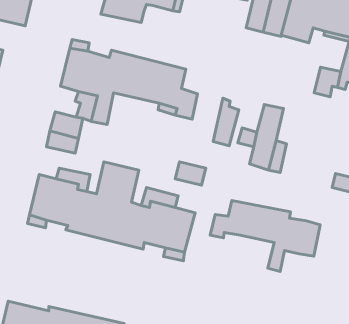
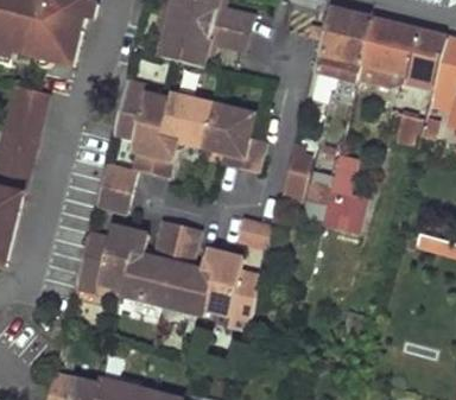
building: [210,200,320,271] -> none

